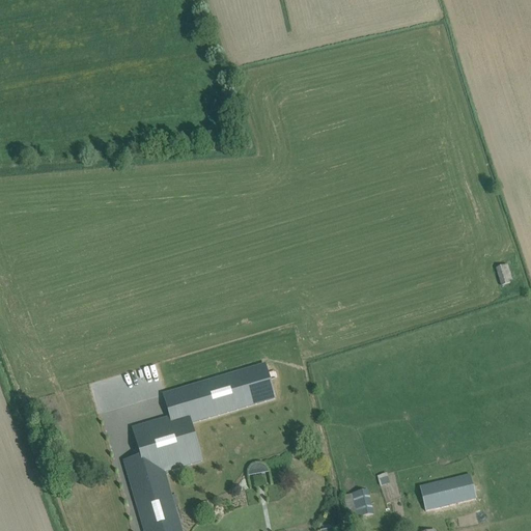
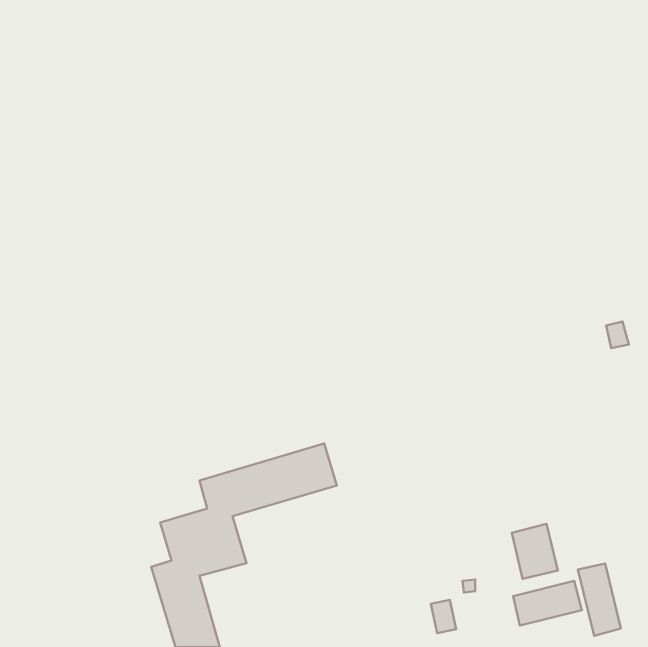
building: none -> [512,524,558,579]
building: none -> [578,563,621,636]

